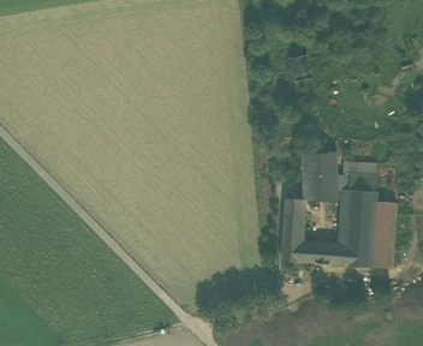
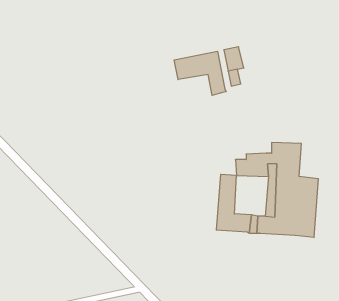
building: none -> [174,51,226,95]
building: [300,151,336,181] -> none

